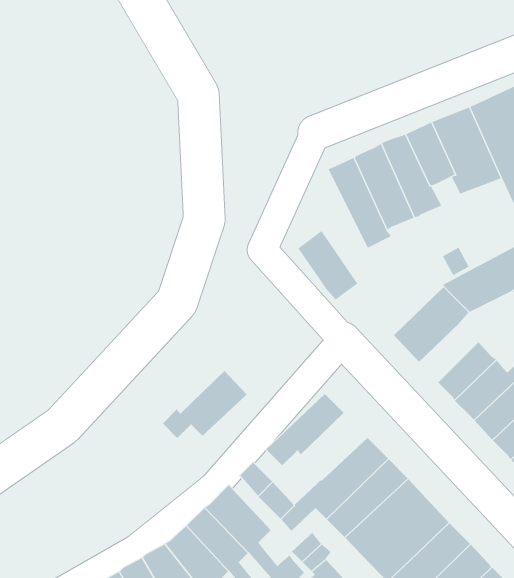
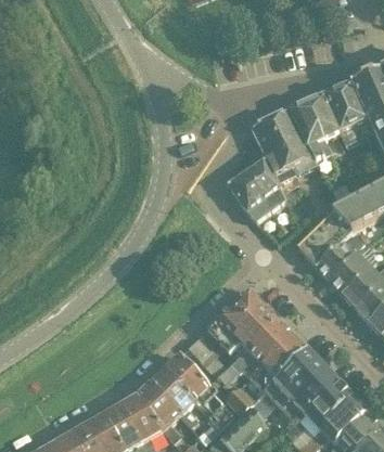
building: none -> [245,157,284,208]
building: none -> [315,236,357,279]
building: [162,370,247,439] -> [217,300,278,349]

